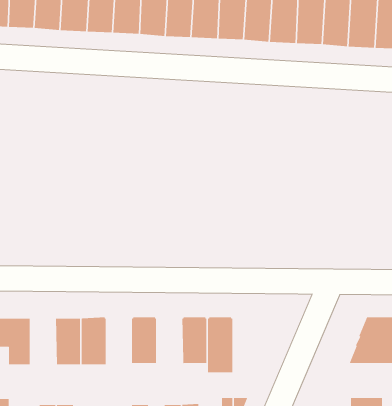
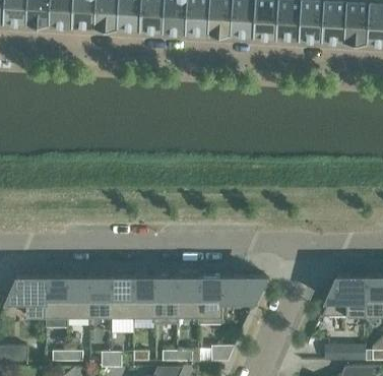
building: none -> [112,277,133,319]
building: none -> [155,277,178,326]
building: none -> [221,277,265,326]
building: none -> [46,278,68,328]

